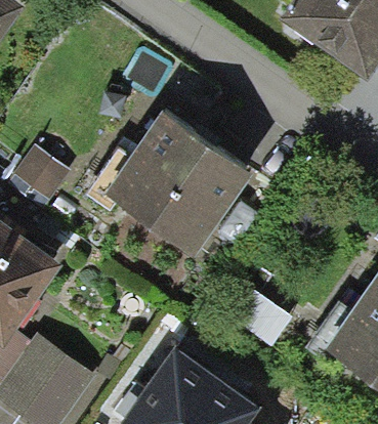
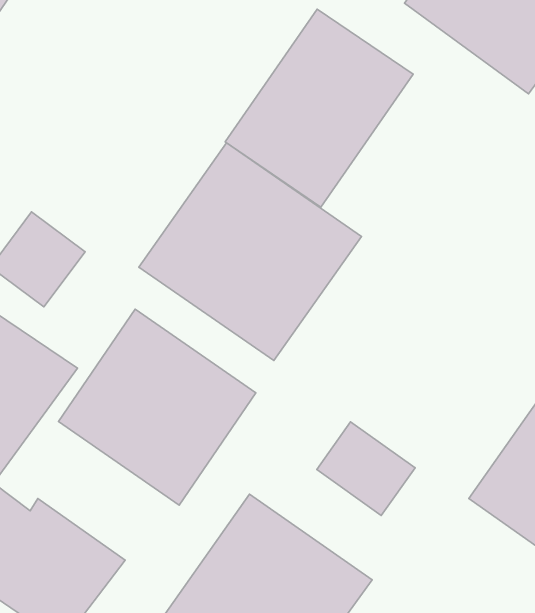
building: none -> [225,9,413,207]
building: none -> [58,309,256,505]

